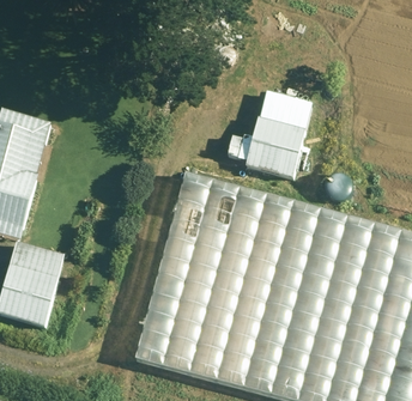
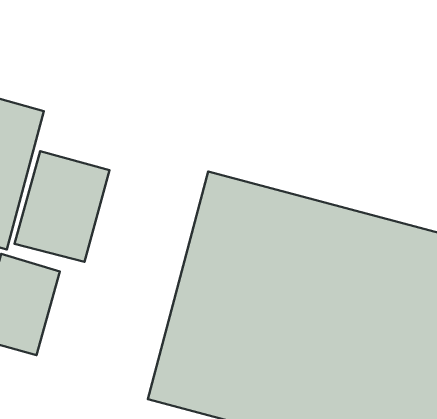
building: [225,115,304,176] -> none
building: none -> [15,151,109,262]

